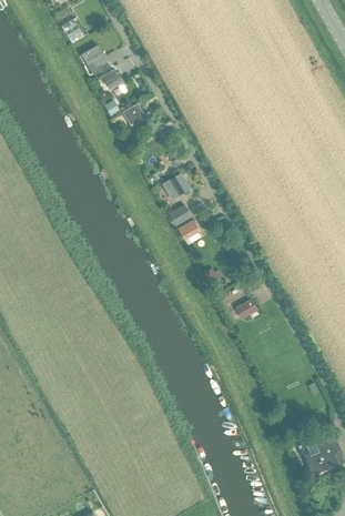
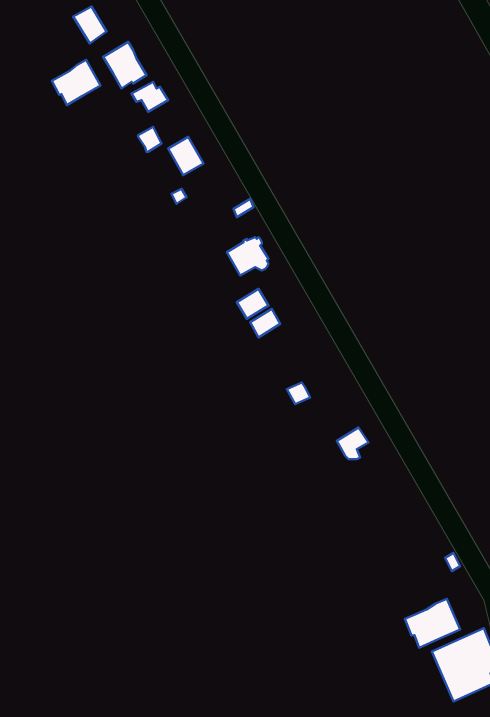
building: none -> [52,60,101,105]
building: none -> [405,599,460,648]

